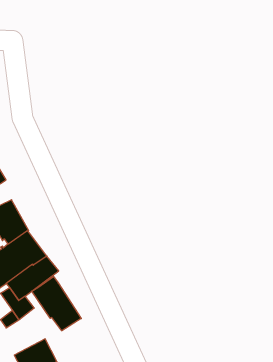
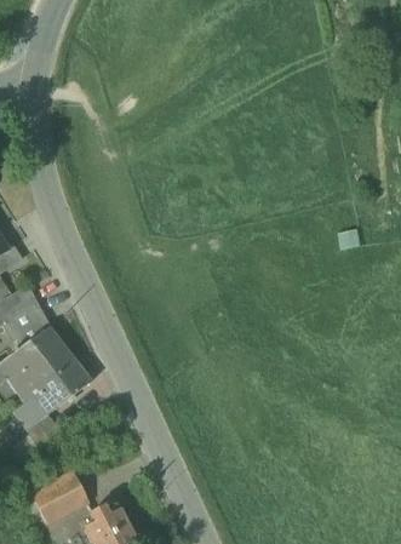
building: [32,276,81,331] -> none

